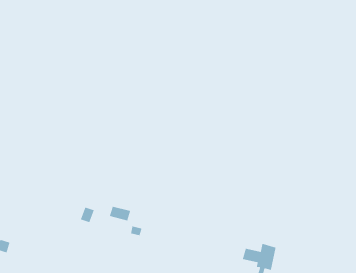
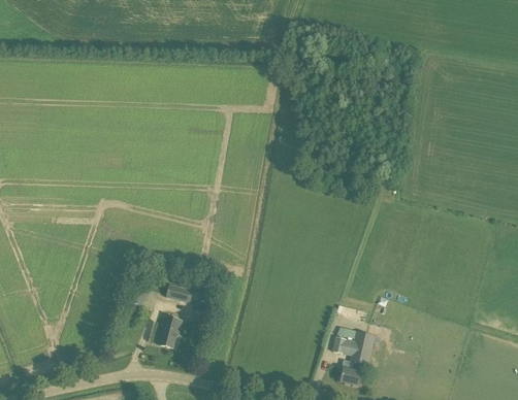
building: none -> [157,313,181,345]

